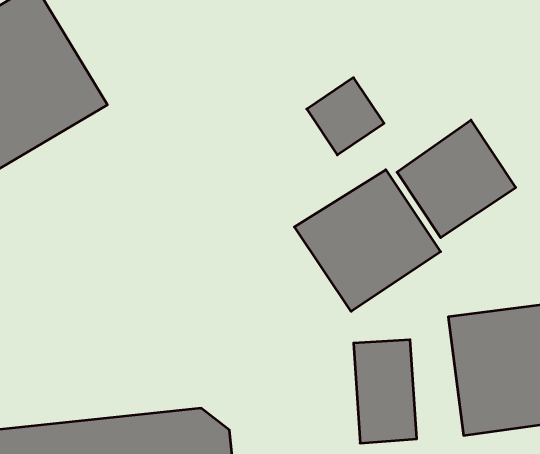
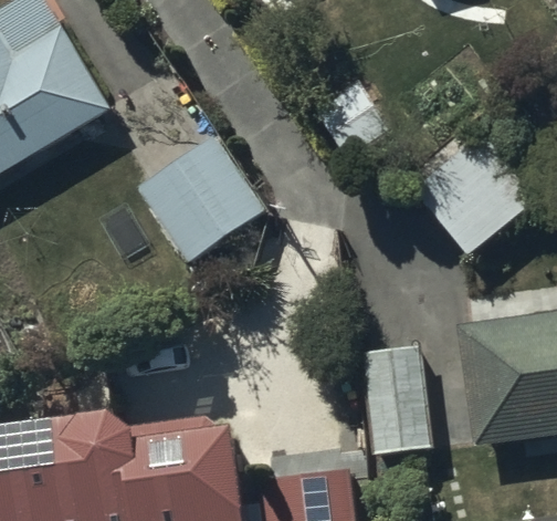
building: none -> [138,139,264,265]
building: [294,170,441,311] -> none

